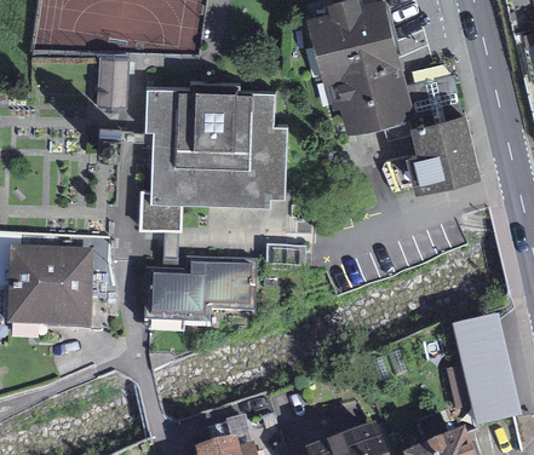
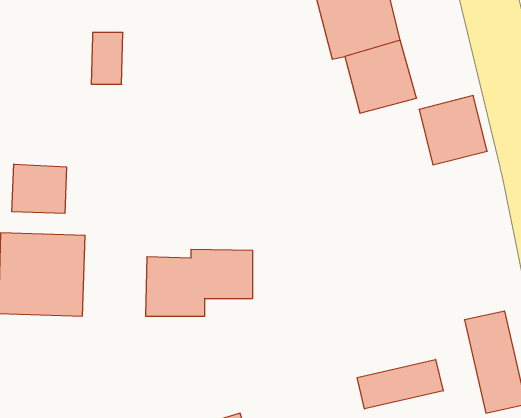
building: [140,92,276,231] -> none
building: none -> [12,164,66,213]
building: none -> [357,359,443,409]

